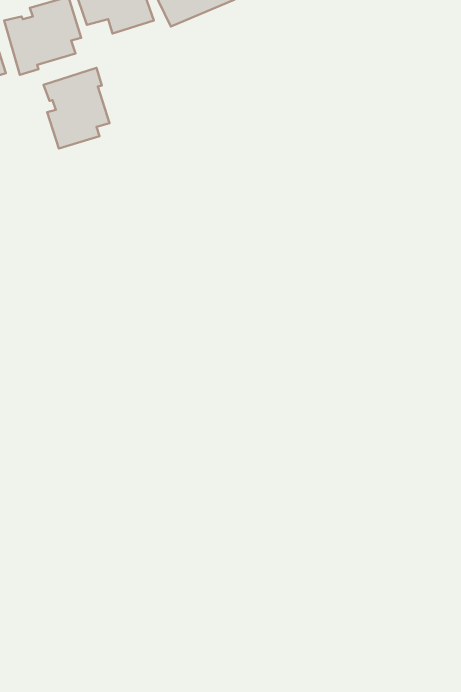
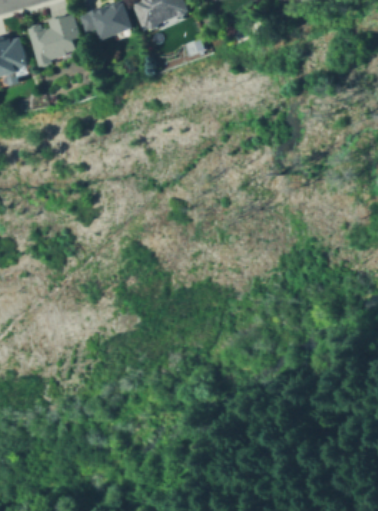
building: [44,68,109,149] -> none

